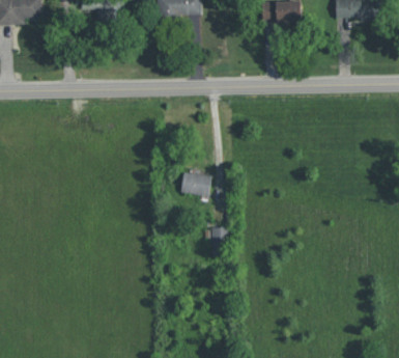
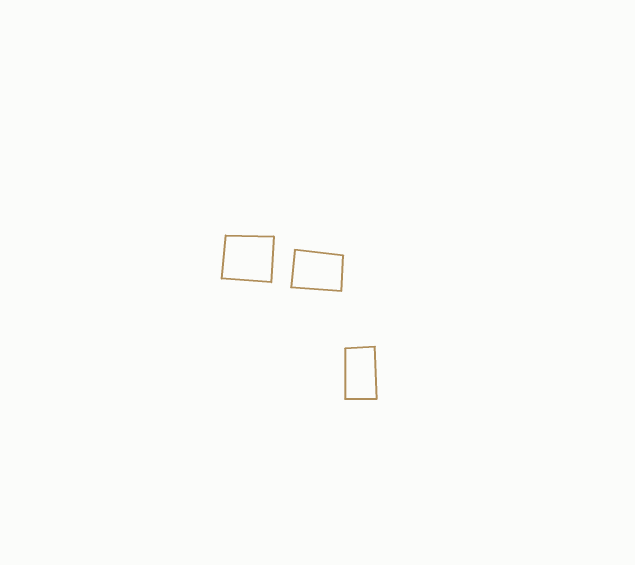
building: none -> [222,235,274,282]

